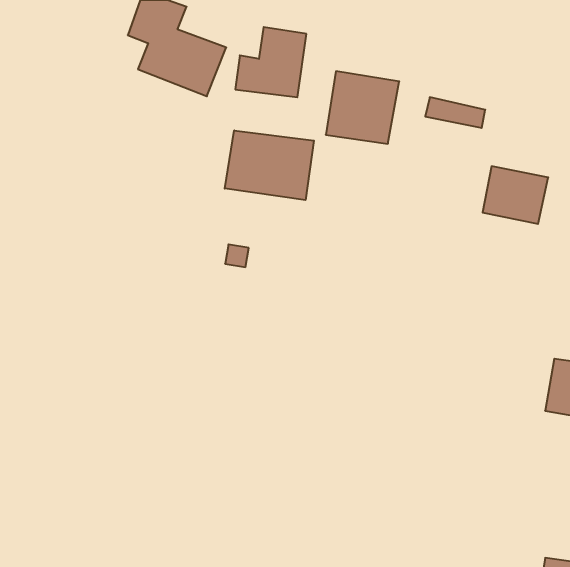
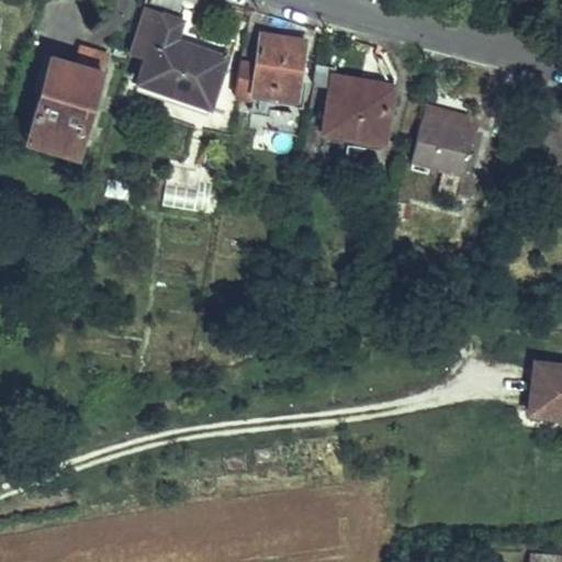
building: none -> [19,46,94,149]
building: [225,130,314,200] -> none
building: [483,166,548,224] -> [412,124,475,180]

